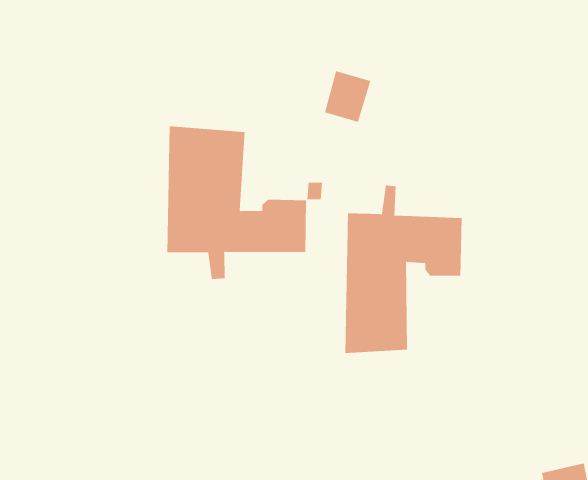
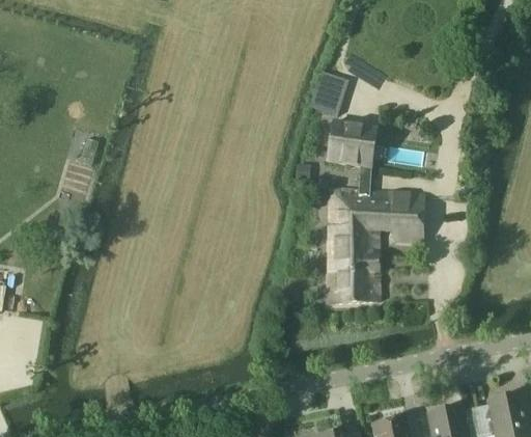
building: [167,126,306,280] -> none
building: none -> [327,120,375,165]

